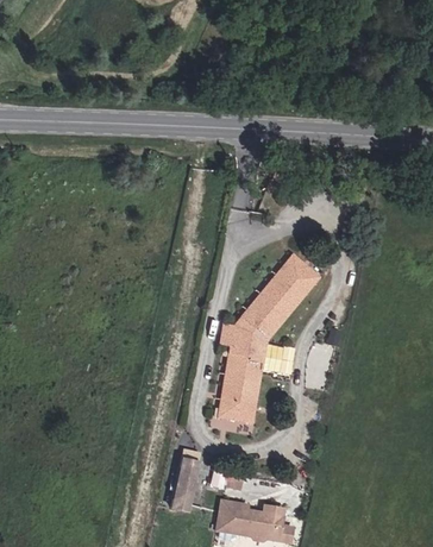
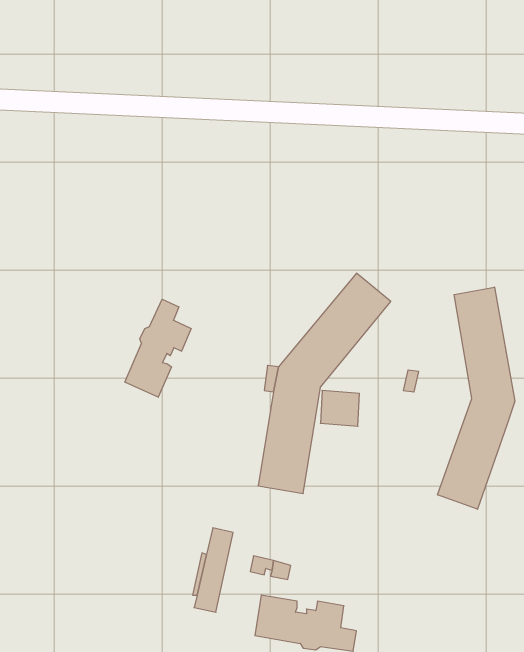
building: none -> [438,287,515,509]
building: none -> [125,299,191,397]

